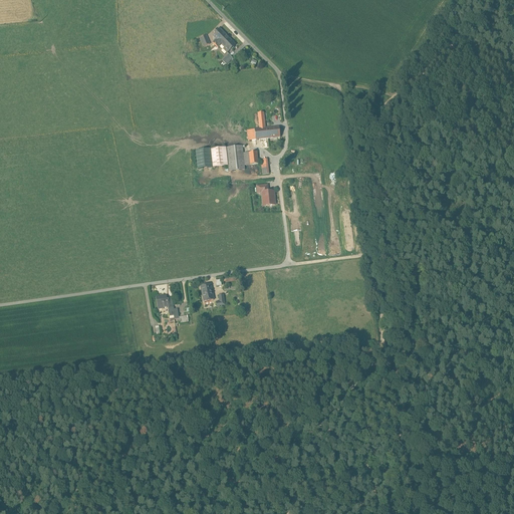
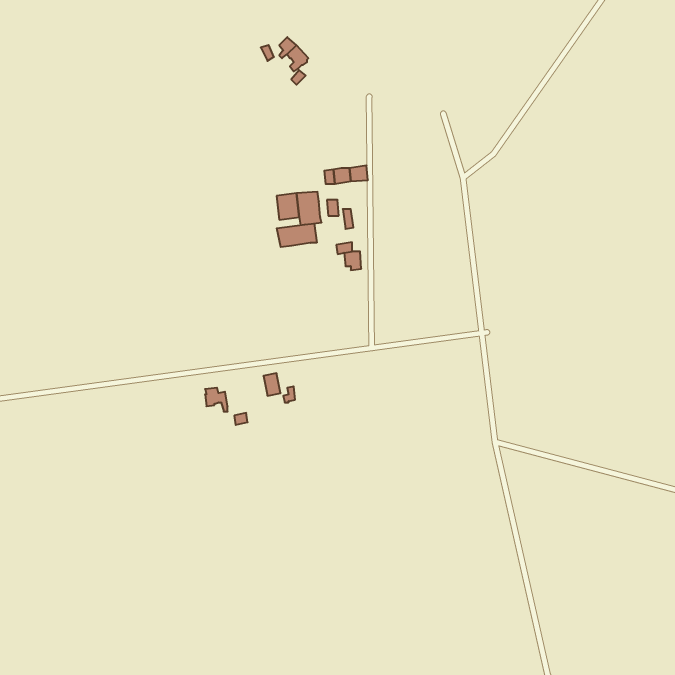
building: none -> [277,224,317,247]

